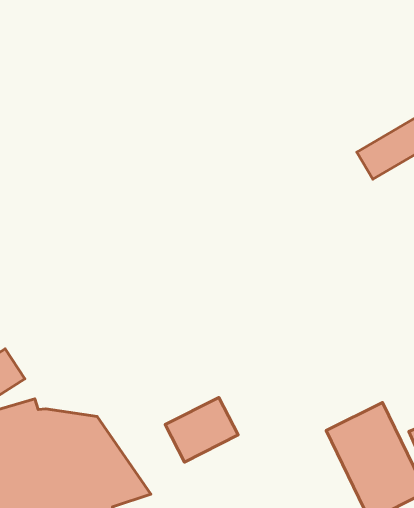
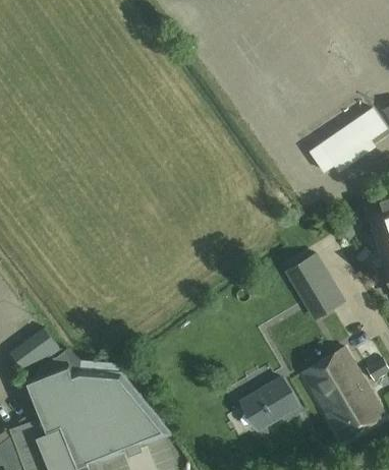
building: none -> [290,254,345,317]
building: [165,397,238,462] -> [241,377,299,430]

